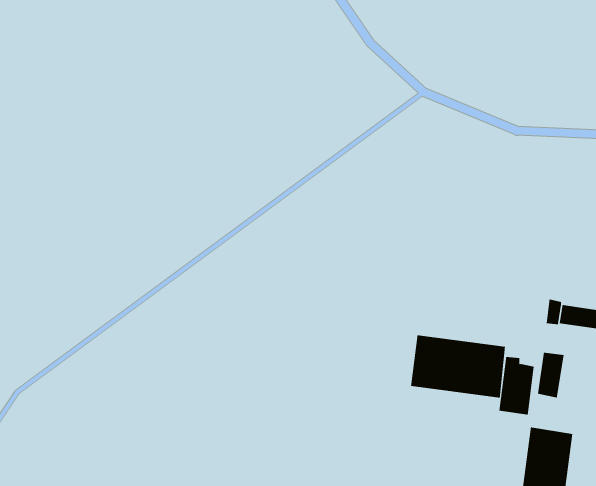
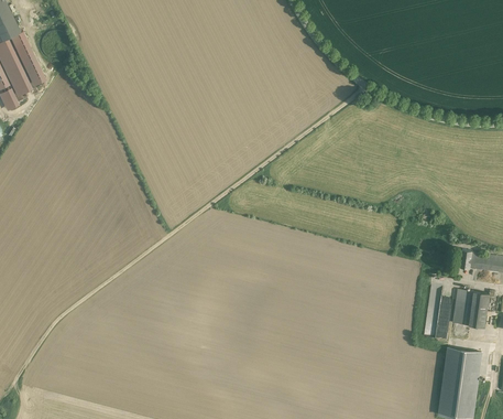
building: [410,335,506,399] -> none
building: none -> [469,292,490,327]

